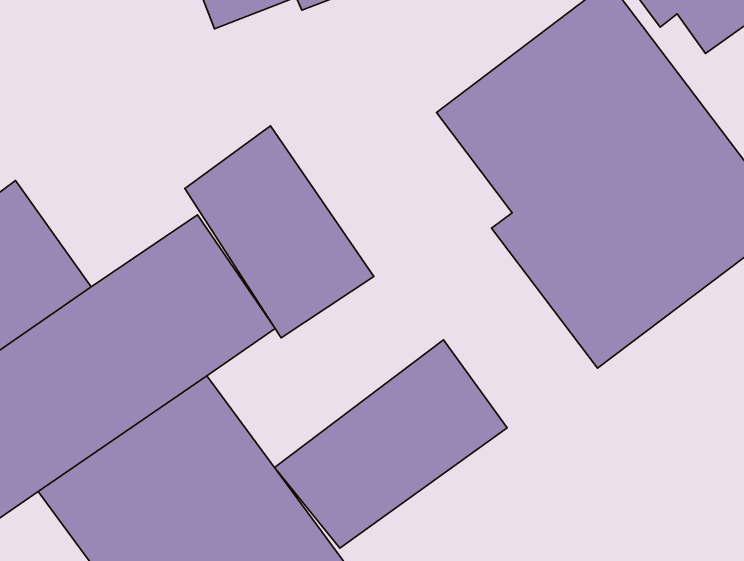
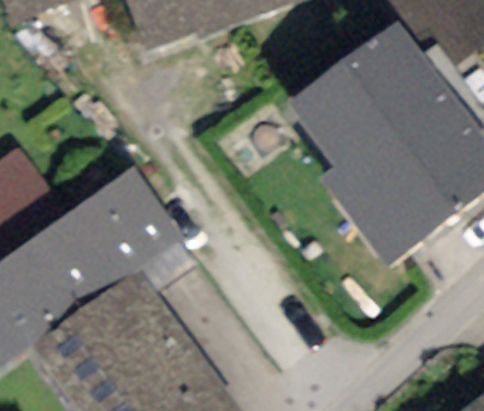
building: [185,126,374,338] -> none
building: [275,340,507,548] -> none

